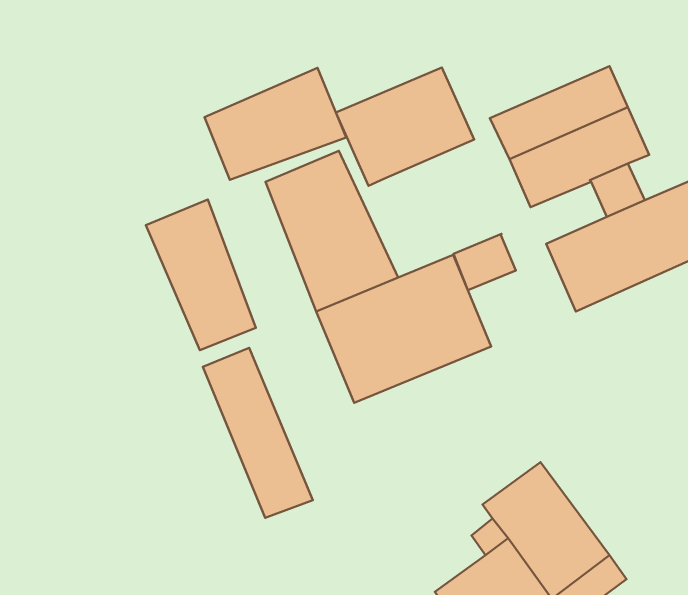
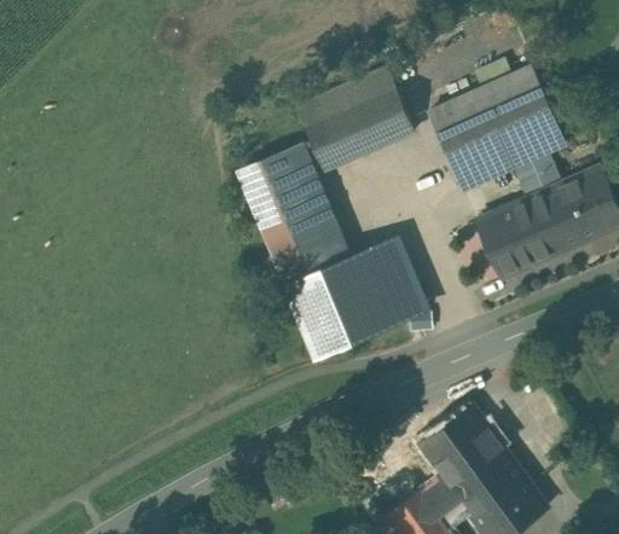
building: [205,68,346,180] -> none
building: [146,199,256,350] -> none
building: [453,234,516,290] -> none
building: [203,348,313,518] -> none

